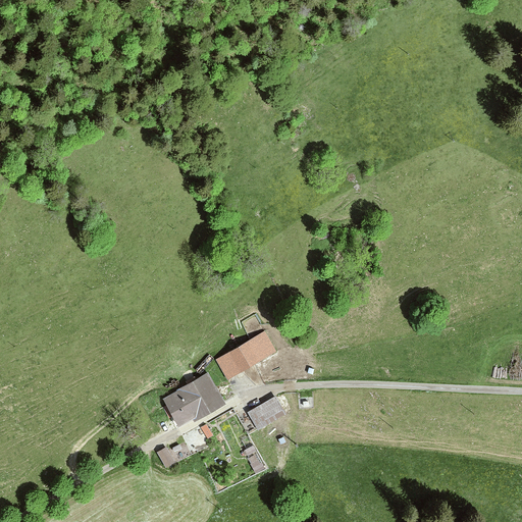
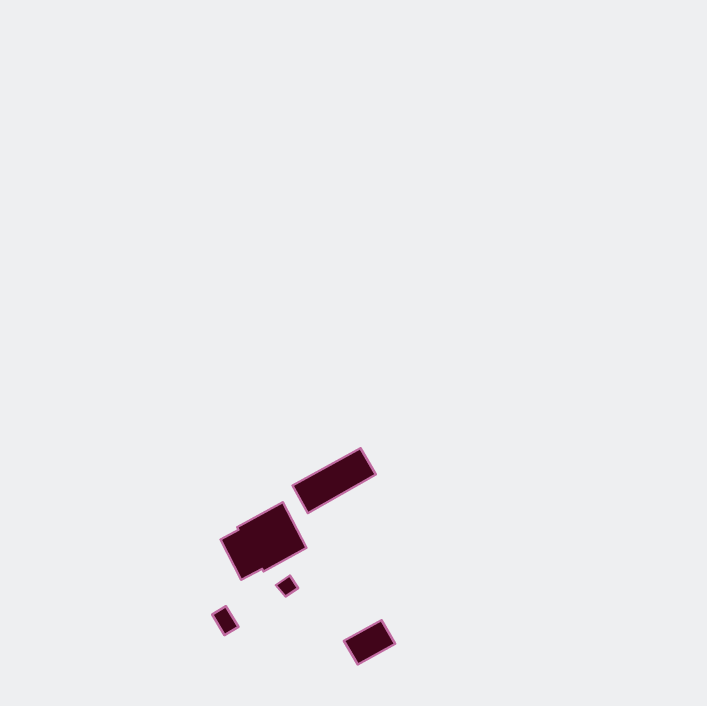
building: [248,397,285,429] -> [344,620,395,664]

